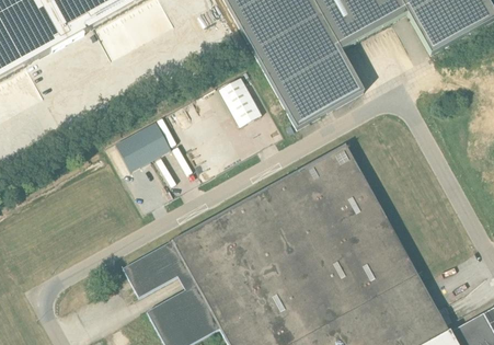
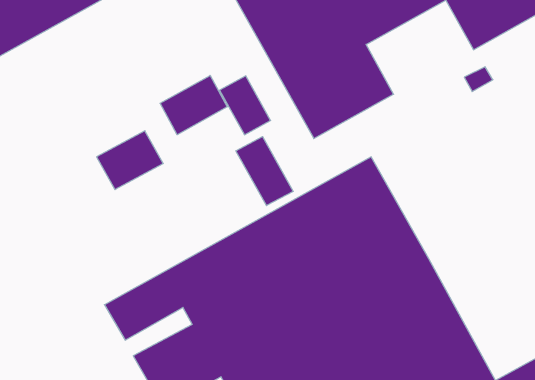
building: none -> [160,75,227,135]
building: none -> [236,137,293,206]

